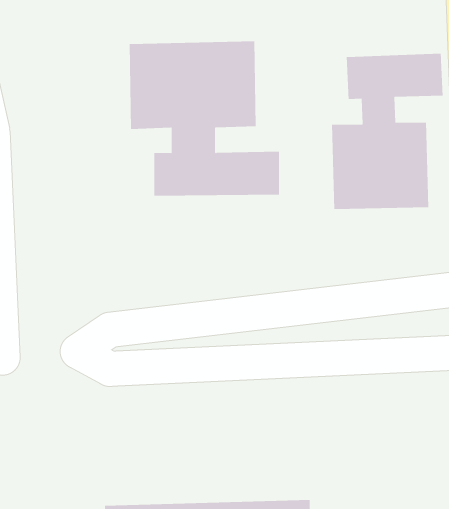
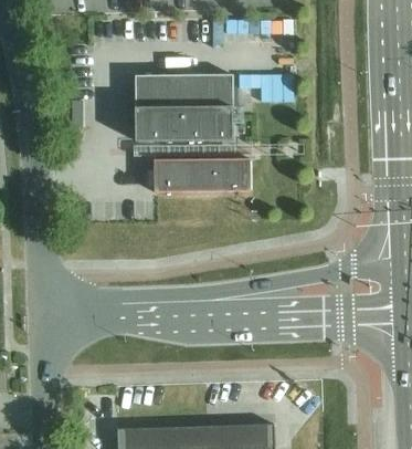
building: [332,53,443,210] -> none

